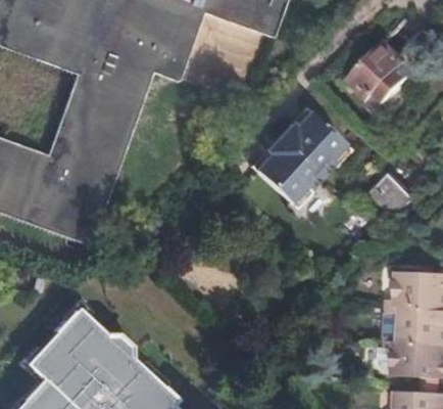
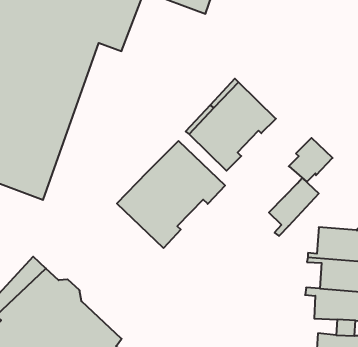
building: [350,44,410,103] -> none
building: none -> [117,141,225,248]
building: none -> [269,178,319,236]

